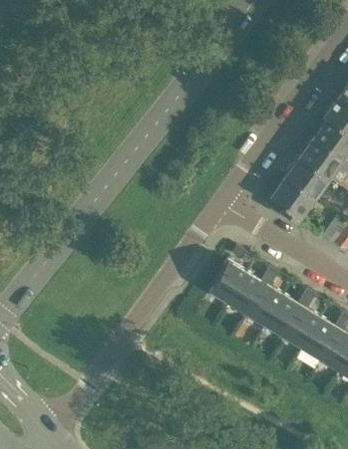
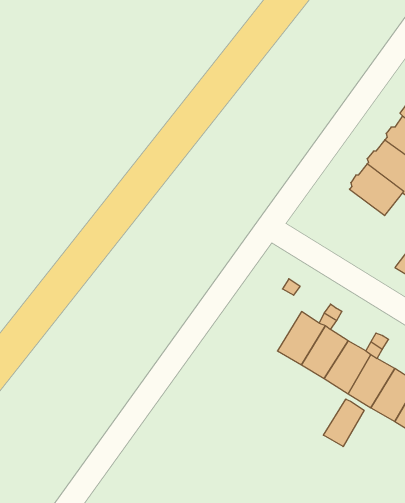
building: [272,176,314,221] -> none
building: [210,261,248,304] -> none
building: none -> [323,399,364,447]

